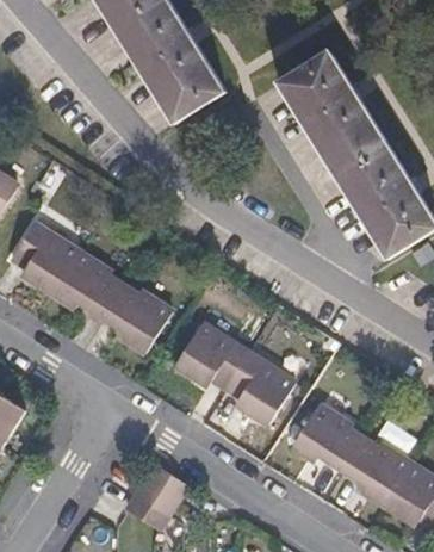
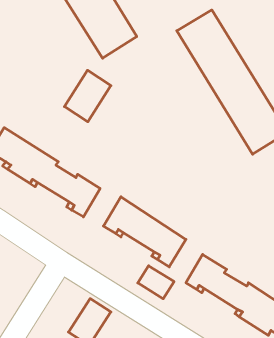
building: none -> [64,70,111,122]
building: none -> [138,266,174,299]

